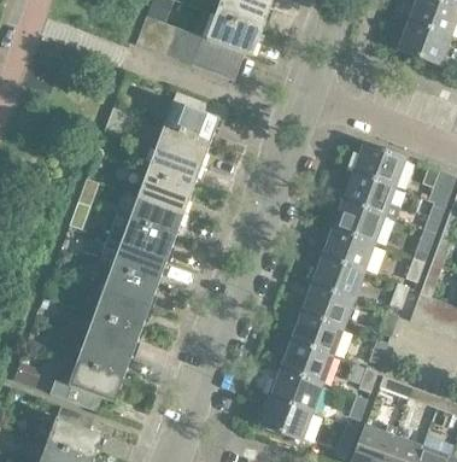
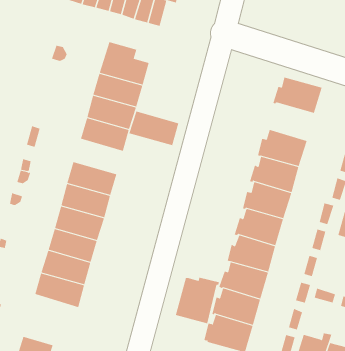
building: [339,171,399,218] -> none
building: [128,195,183,236] -> [129,111,179,146]
building: none -> [175,277,220,324]
building: [49,361,123,410] -> none

